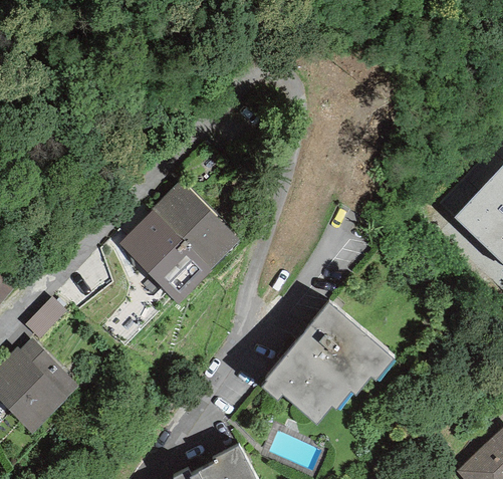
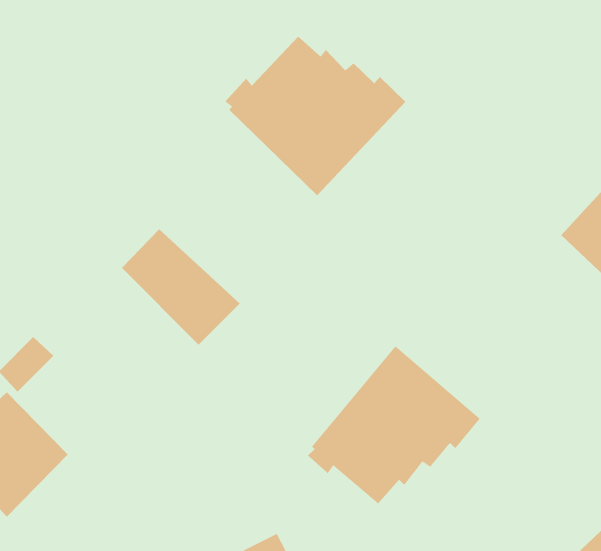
building: none -> [224,36,406,196]
building: [148,180,240,270] -> none

